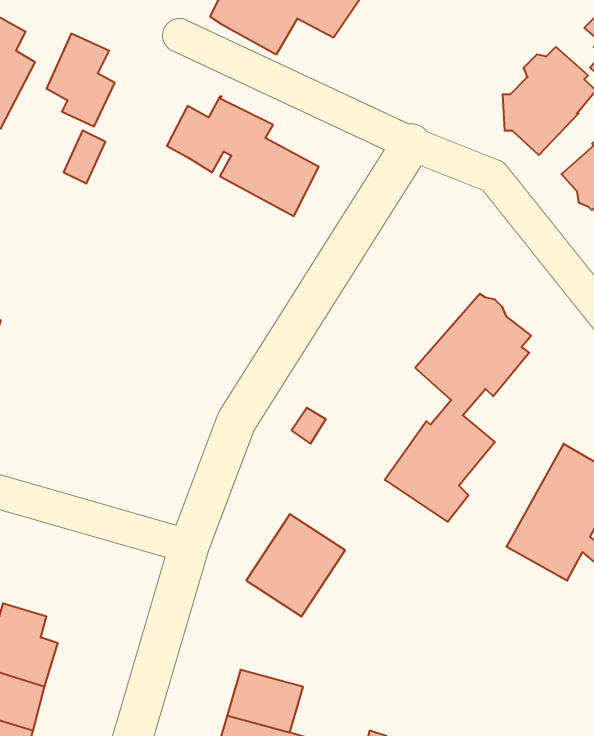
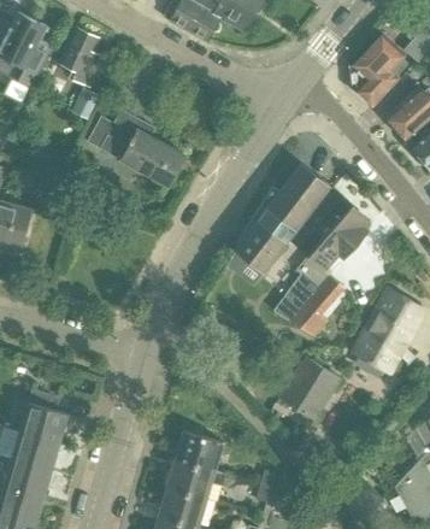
building: [167,96,319,216] -> [88,110,184,186]
building: none -> [235,163,331,272]
building: [246,514,345,617] -> [279,357,342,422]

